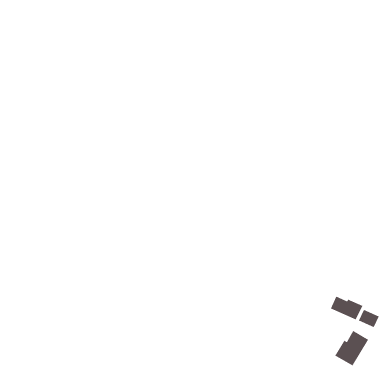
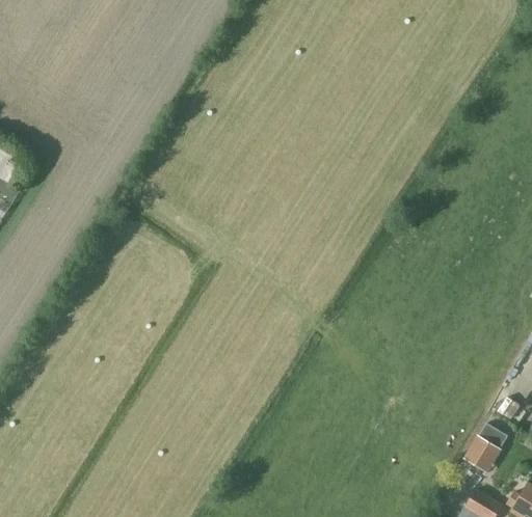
building: [330,295,363,321] -> none

